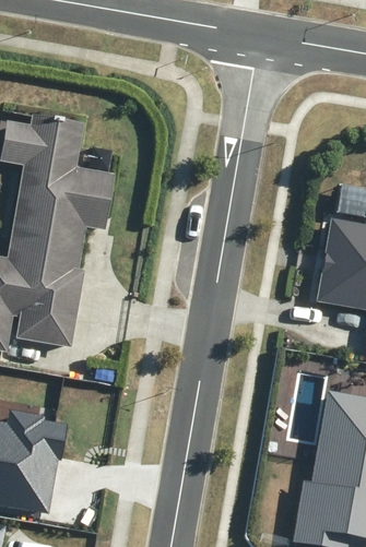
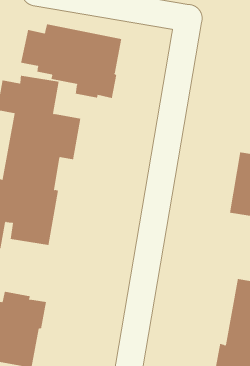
building: none -> [21,24,122,99]

